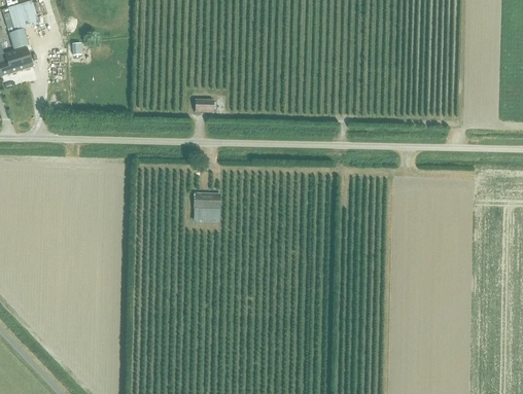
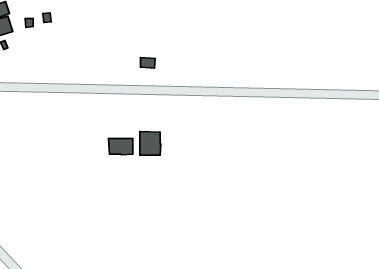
building: none -> [109,138,133,155]

